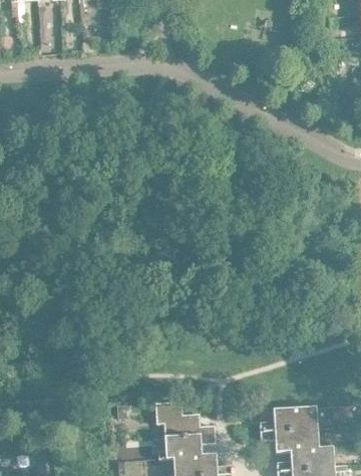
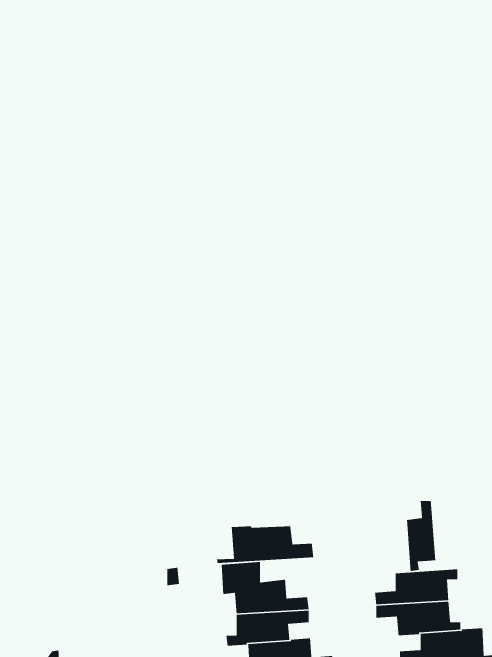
building: none -> [406,500,436,572]
building: none -> [216,525,314,564]

